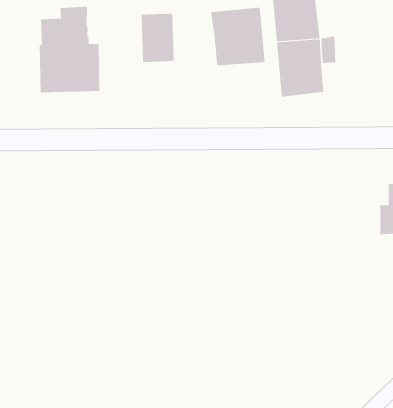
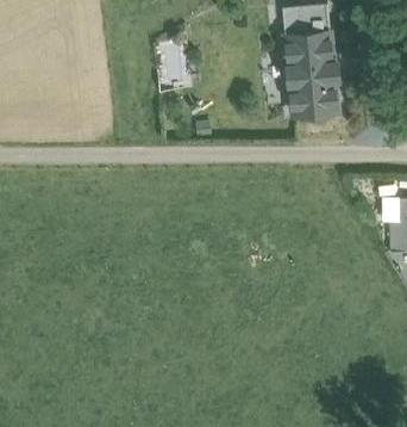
building: [39,6,100,93] -> none
building: [211,7,265,66] -> none

